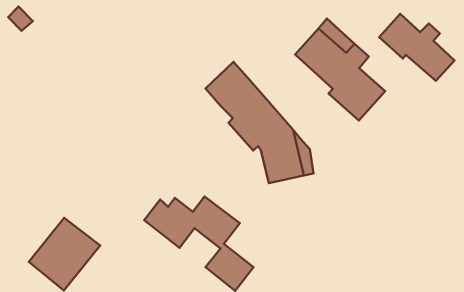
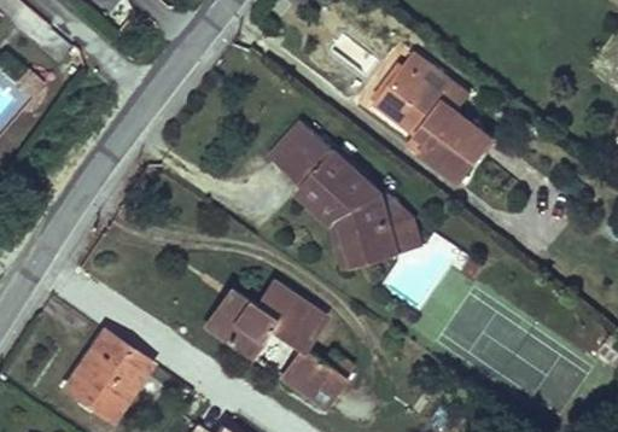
building: [379,14,454,81] -> none

